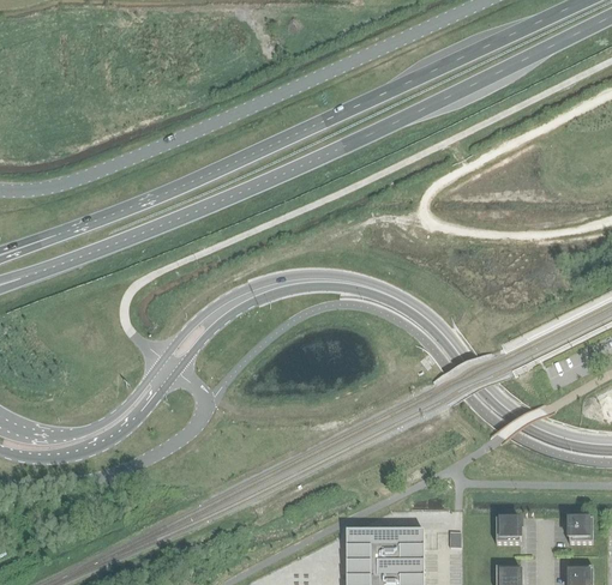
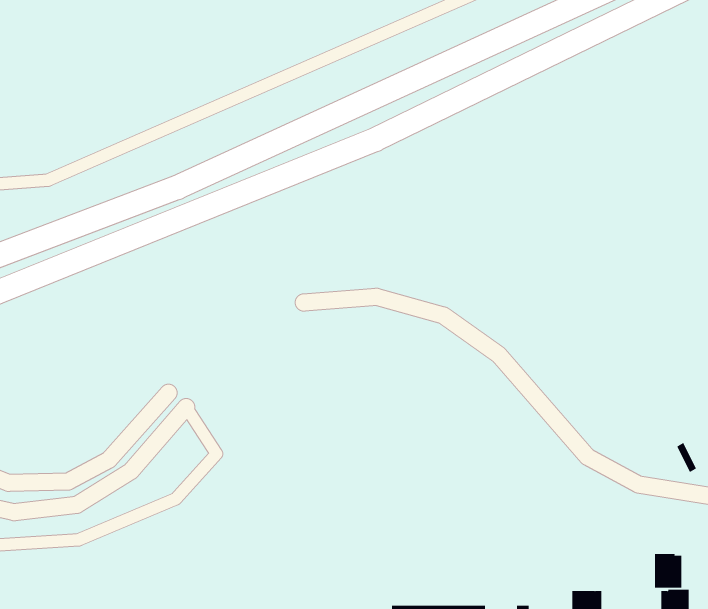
building: none -> [655,553,682,588]

